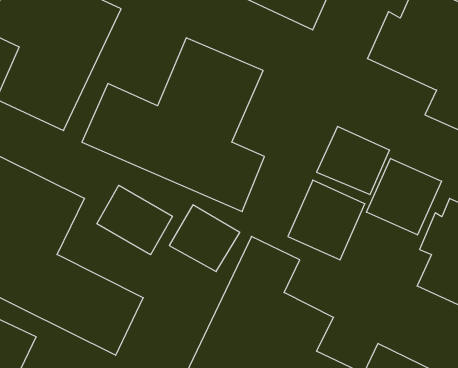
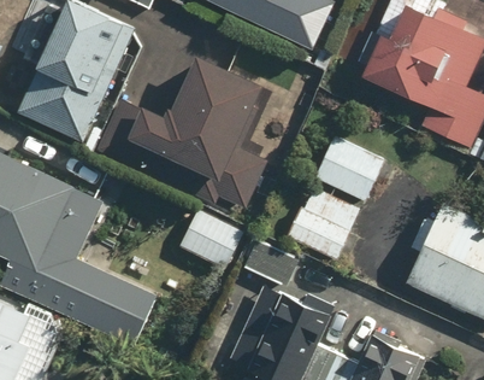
building: [366,158,442,235] -> none
building: [97,185,172,255] -> none

